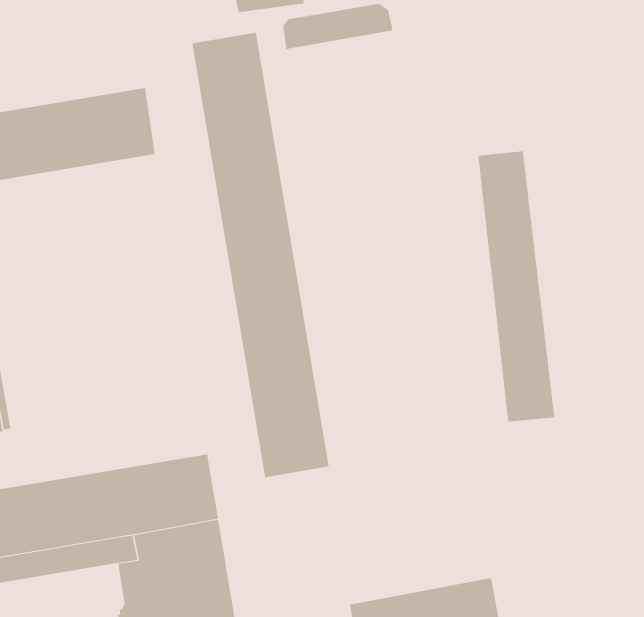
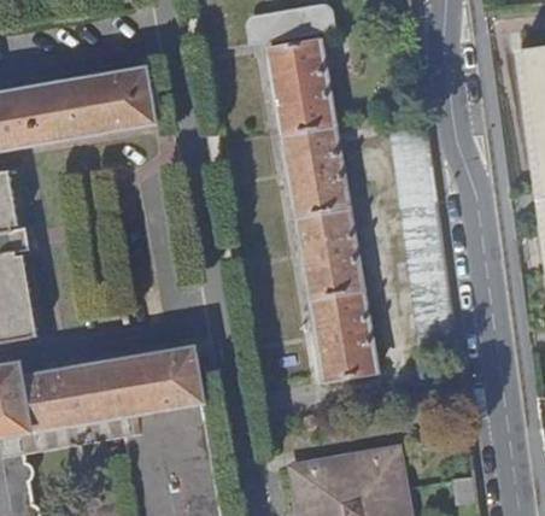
building: [191,32,329,478] -> [268,39,373,377]

